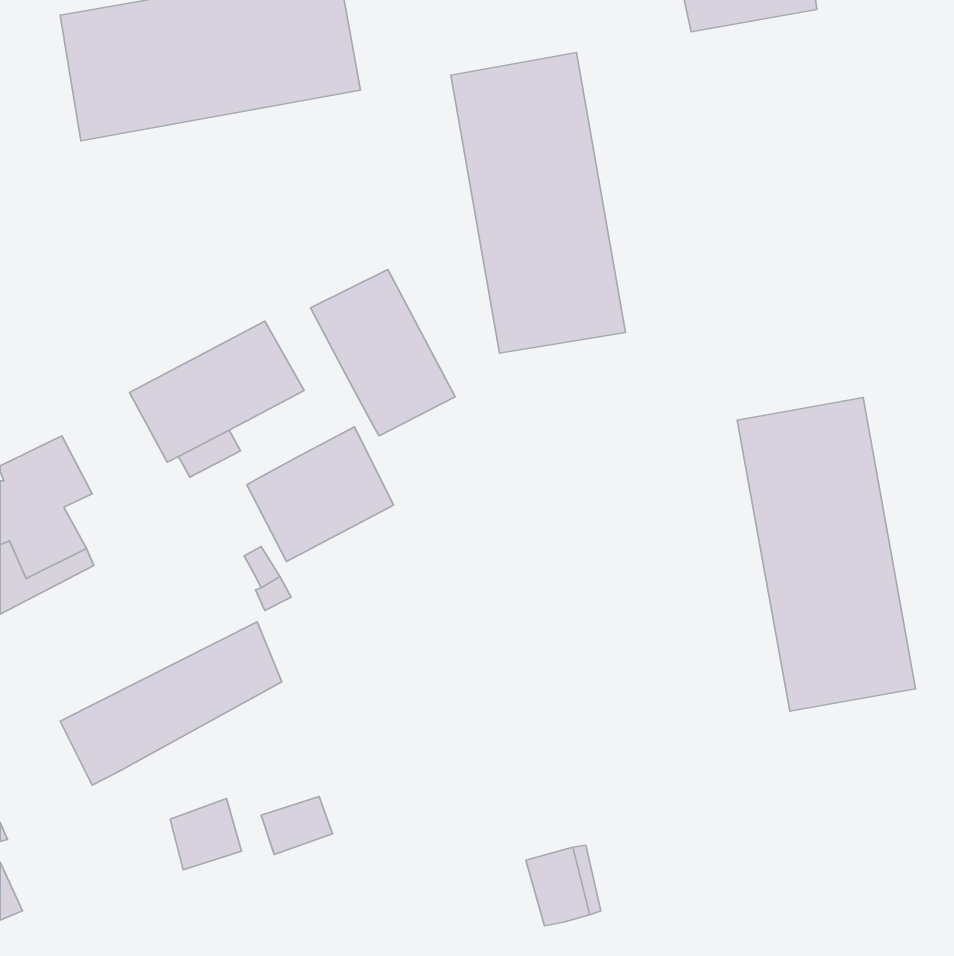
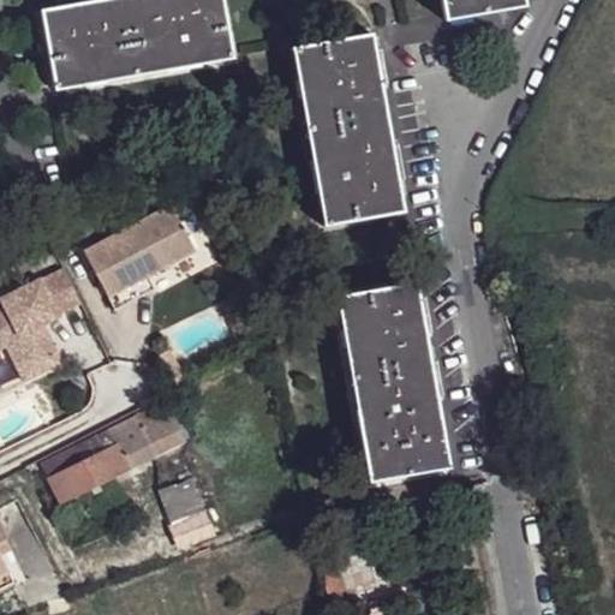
building: [310,270,455,436] -> none
building: [737,398,916,711] -> [335,281,449,482]
building: [247,427,394,562] -> none
building: [170,799,241,870] -> [162,476,208,521]

